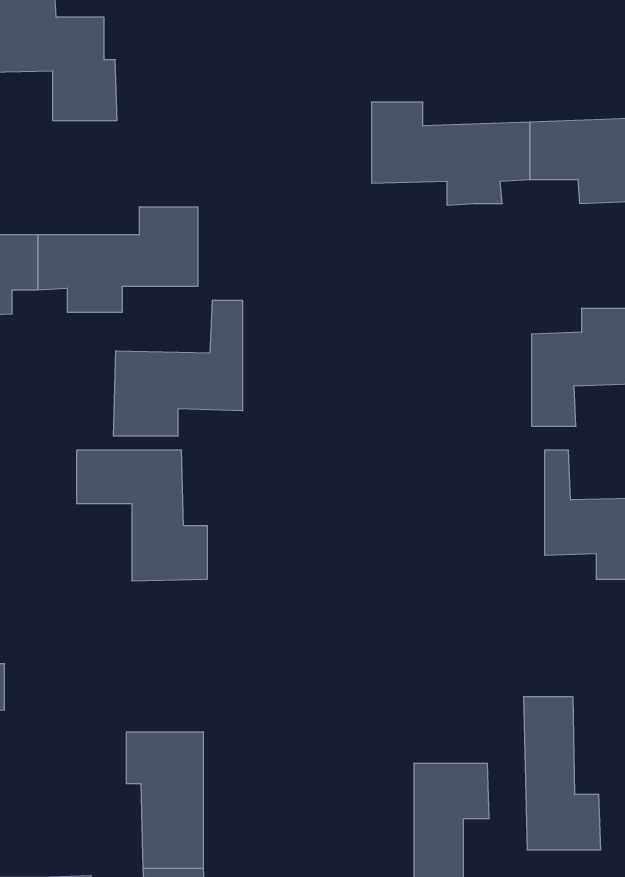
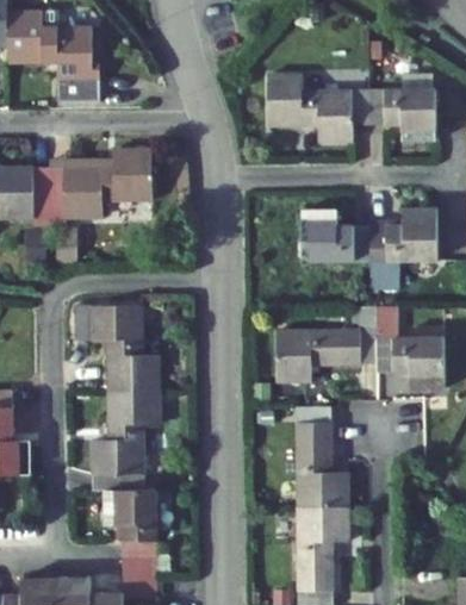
building: [113,300,242,436] -> none
building: none -> [300,214,371,266]
building: none -> [279,305,379,383]
building: none -> [95,388,161,487]
building: [523,697,601,850] -> [292,408,342,507]

